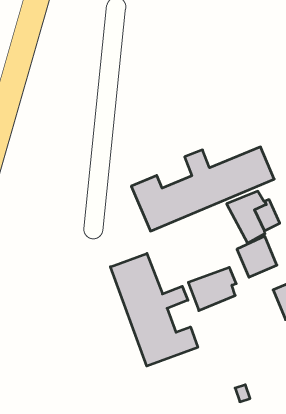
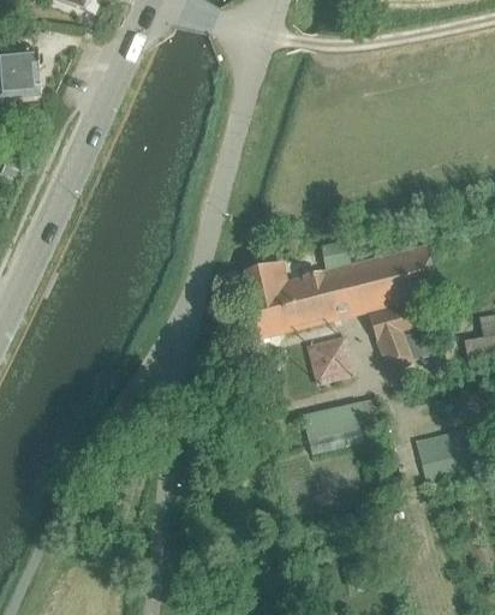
building: [237,236,277,277] -> [308,330,358,382]
building: [110,253,198,366] -> none

